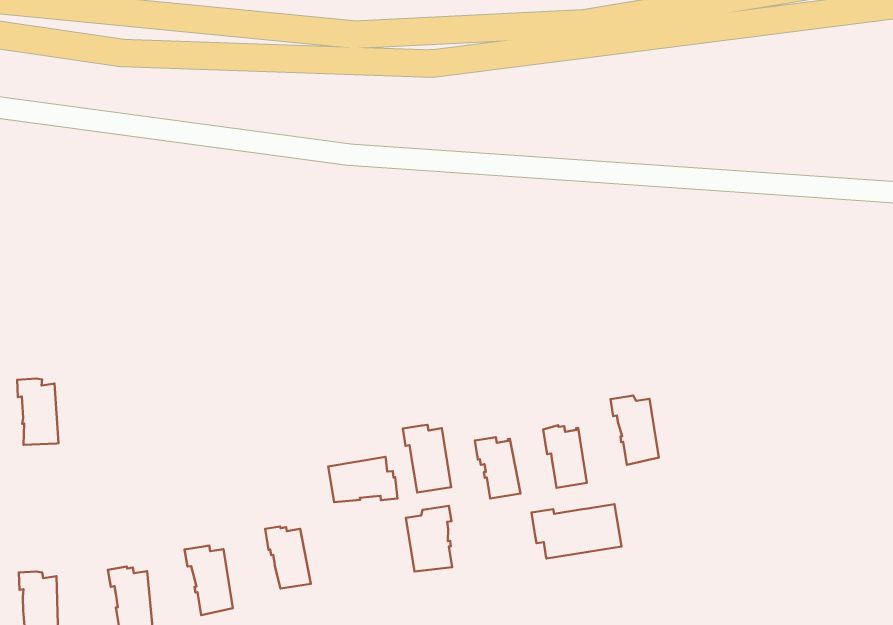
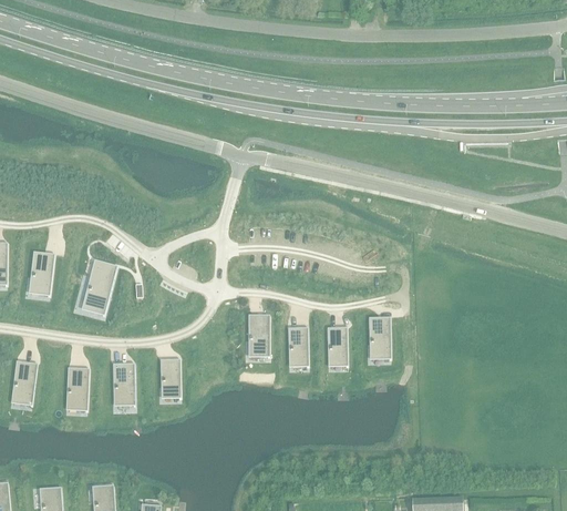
building: none -> [84,260,115,309]
building: [328,457,398,502] -> none
building: [531,504,621,559] -> none
building: [406,506,452,571] -> none

